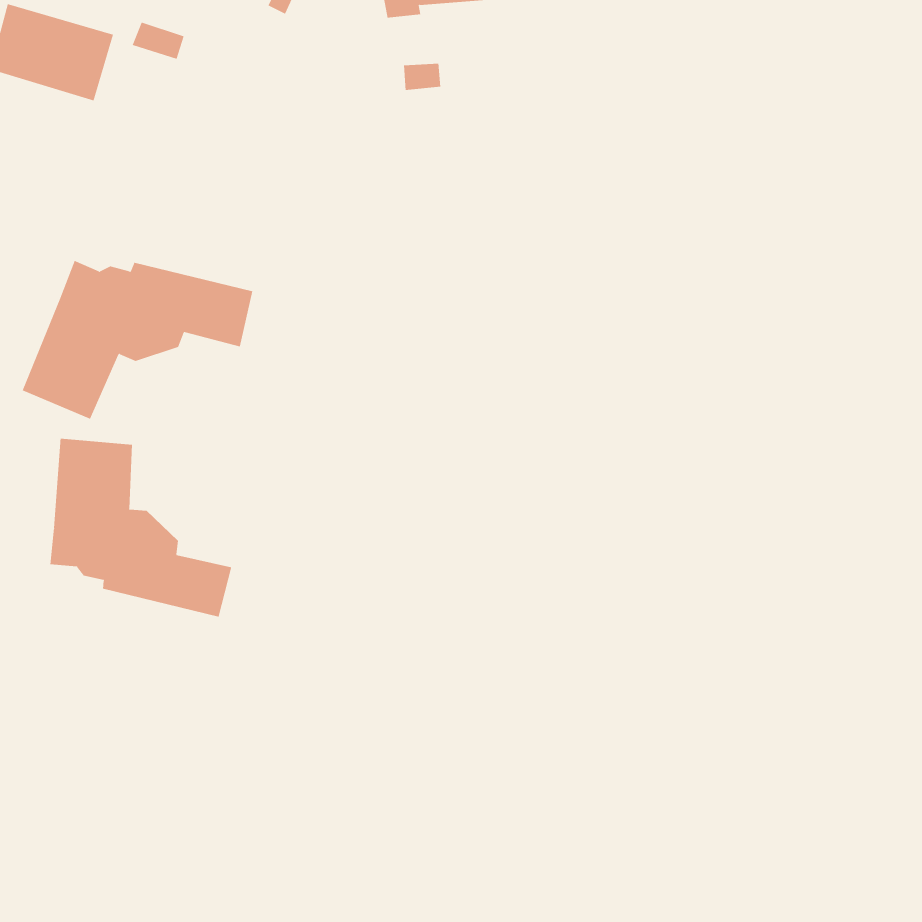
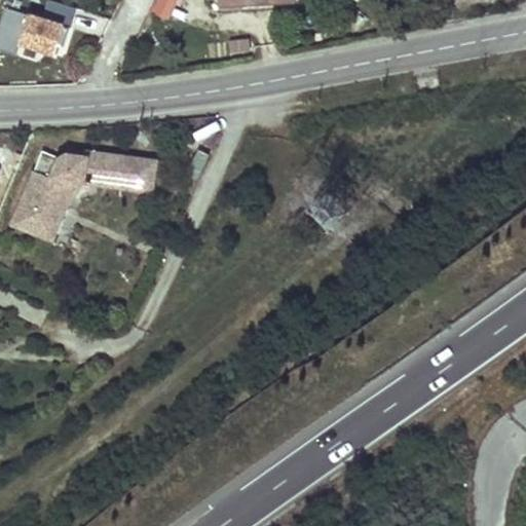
building: [50,438,232,617] -> none

